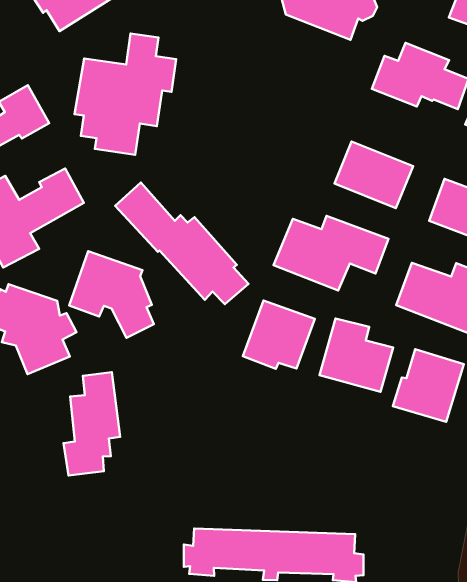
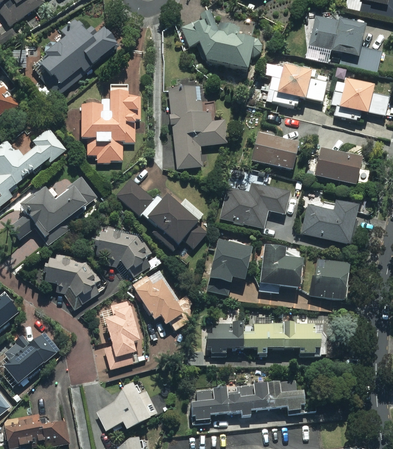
building: none -> [168,88,227,168]
building: none -> [133,280,193,330]
building: none -> [206,323,320,354]
building: none -> [97,384,157,429]

